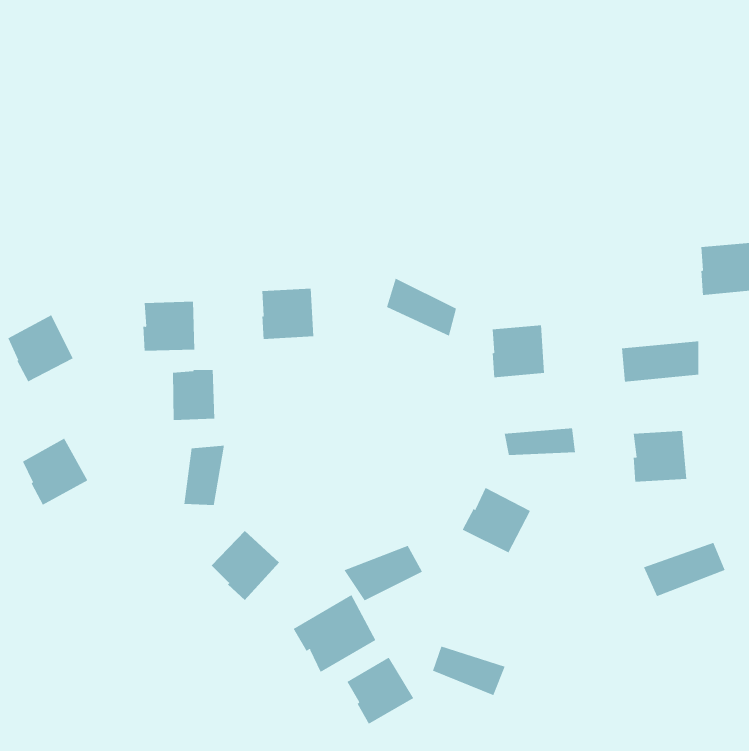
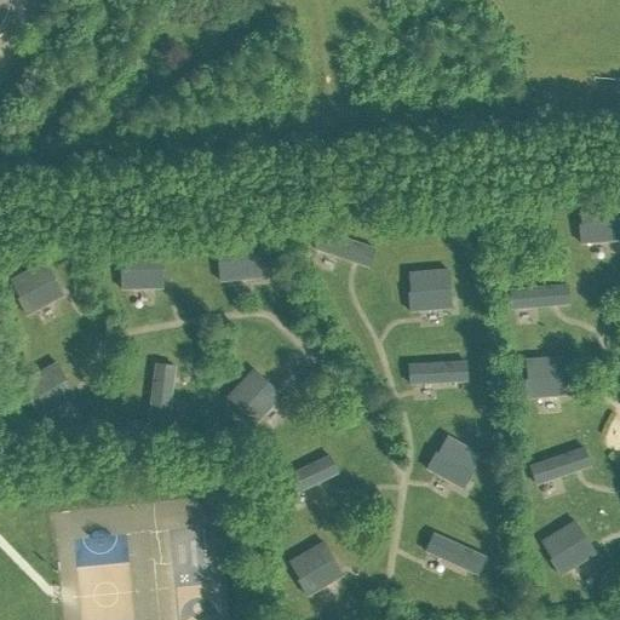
building: [172,369,215,421] -> none
building: [462,487,531,553] -> [425,434,482,488]
building: [211,530,280,601] -> [224,368,281,426]
building: [293,594,376,673] -> none
building: none -> [540,519,596,576]
building: [432,646,506,696] -> [431,541,492,582]

